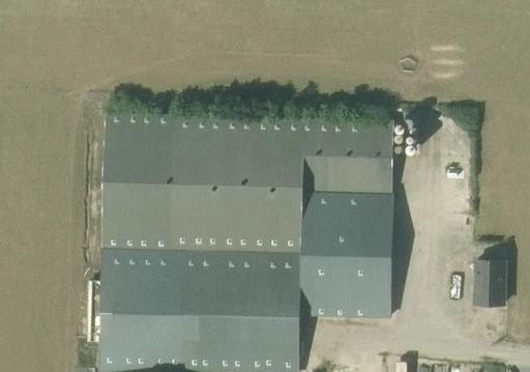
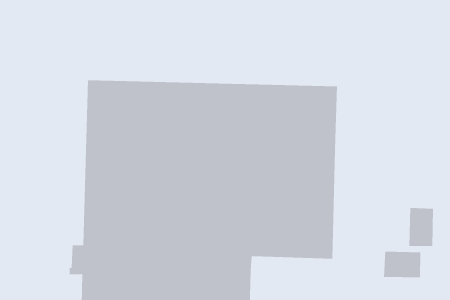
building: none -> [384,251,421,278]

